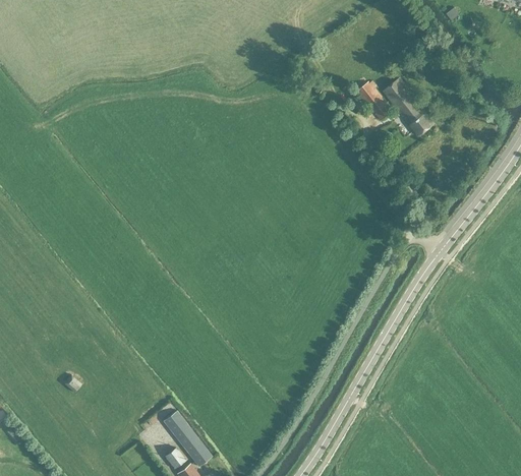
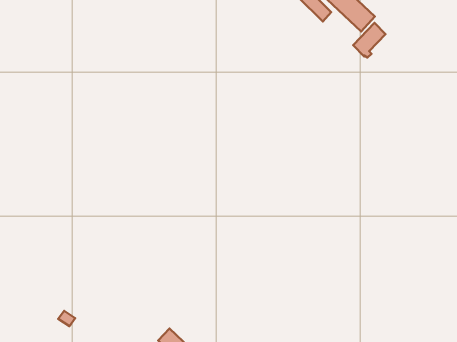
building: none -> [353,23,385,57]

